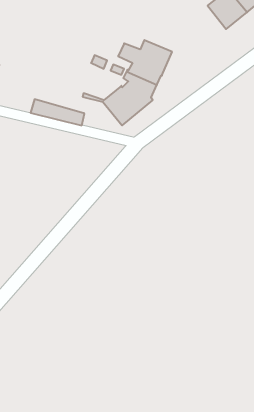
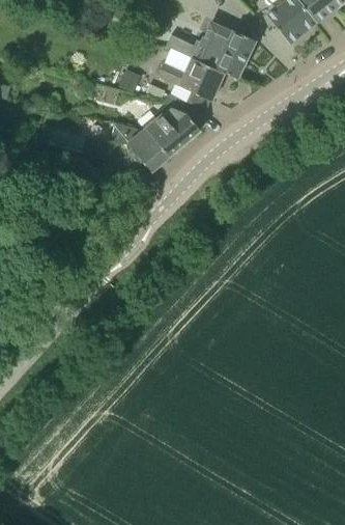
building: none -> [165,15,256,71]
building: none -> [110,127,162,172]

